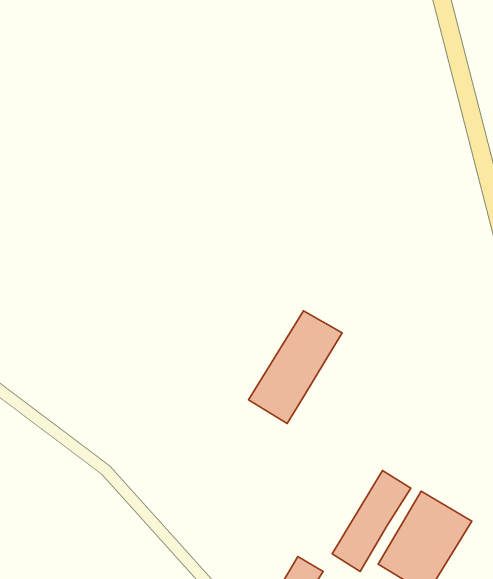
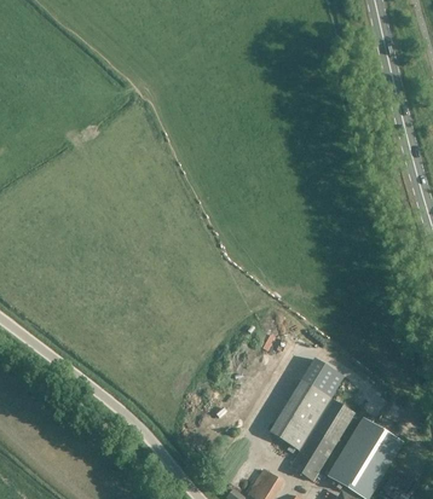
building: [248,311,342,424] -> [269,359,345,451]

